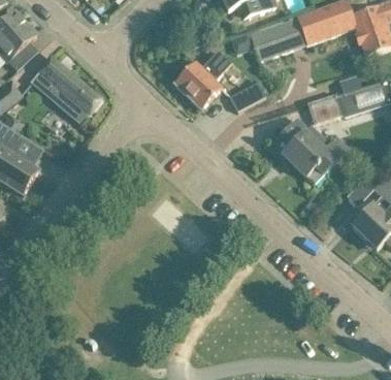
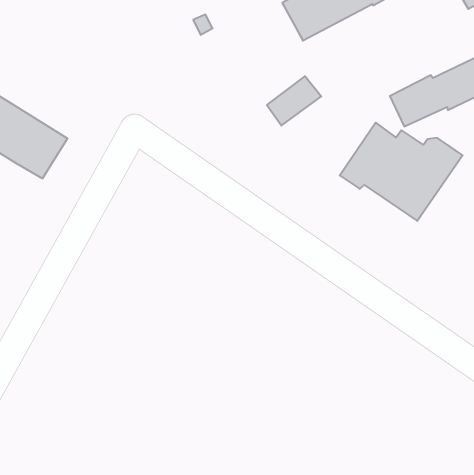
building: [174,50,231,109] -> none

